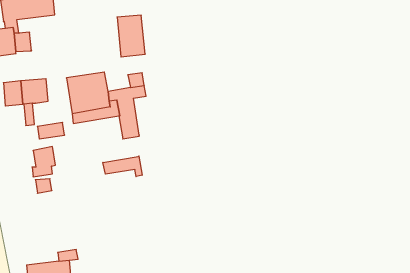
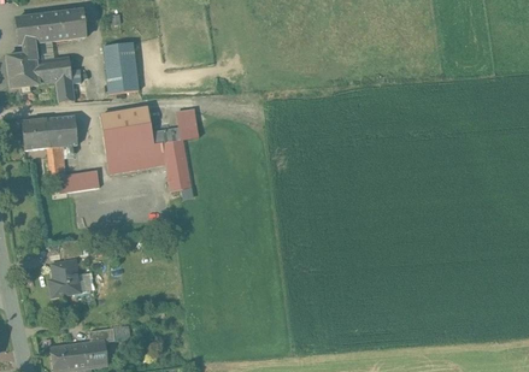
building: [117,15,145,57] -> [102,41,137,93]
building: none -> [54,55,74,101]
building: [32,147,55,177] -> [49,259,78,296]
building: [103,156,142,177] -> none

